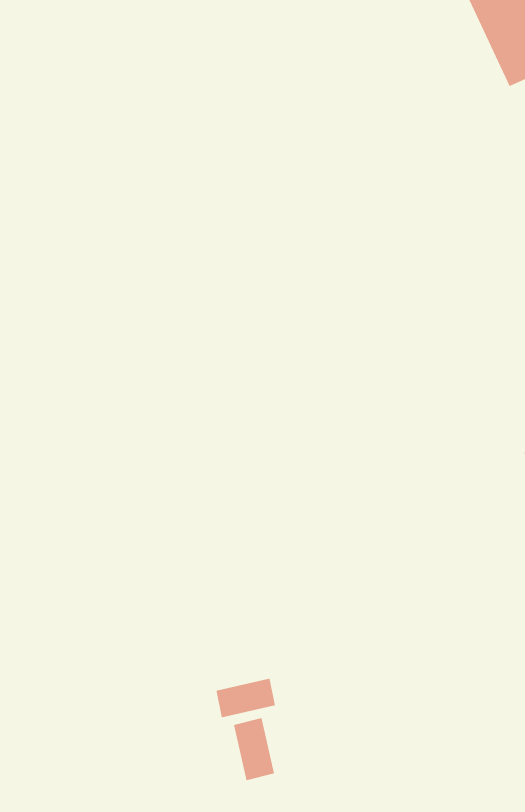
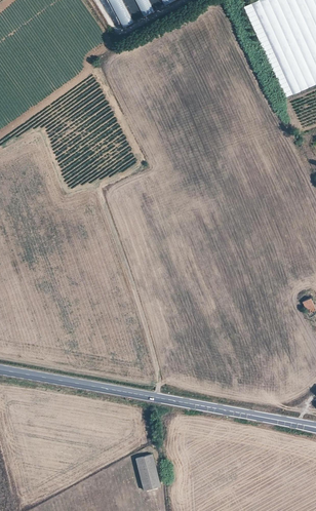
building: [216,678,276,718] -> none

